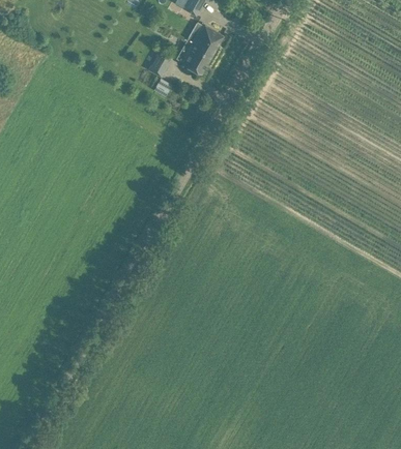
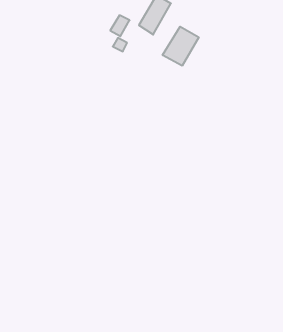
building: none -> [163,27,199,66]

